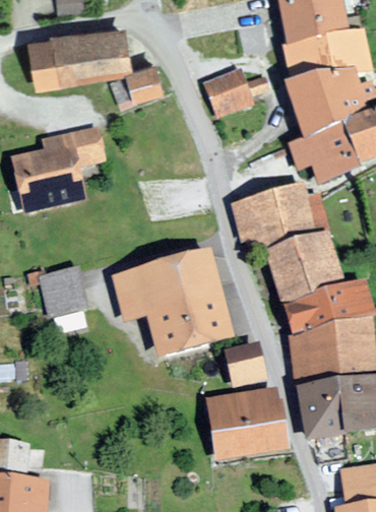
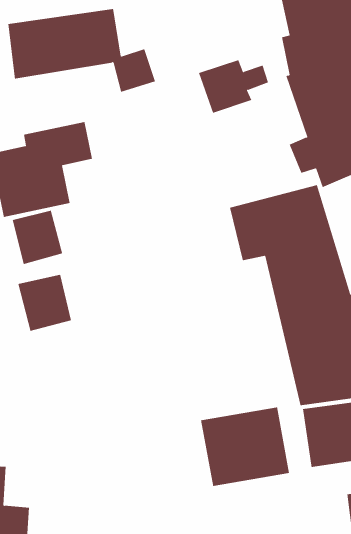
building: none -> [12,210,63,265]
building: [112,251,233,358] -> none
building: [225,342,265,386] -> none

